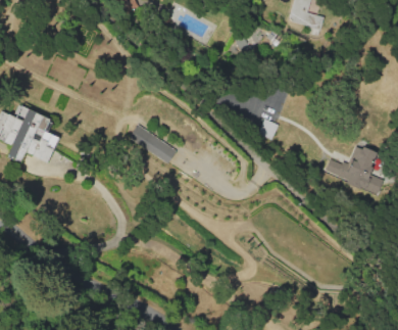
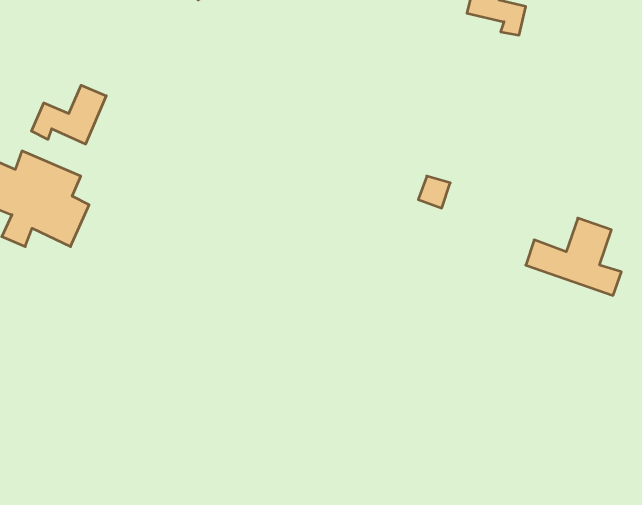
building: none -> [31,85,106,144]
building: [130,124,178,163] -> none

